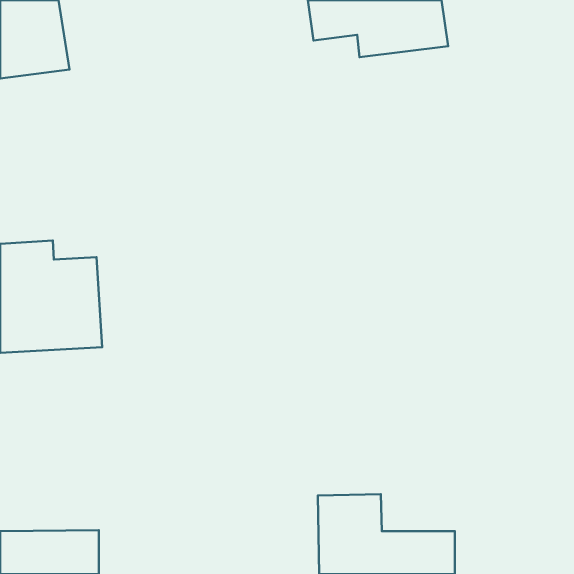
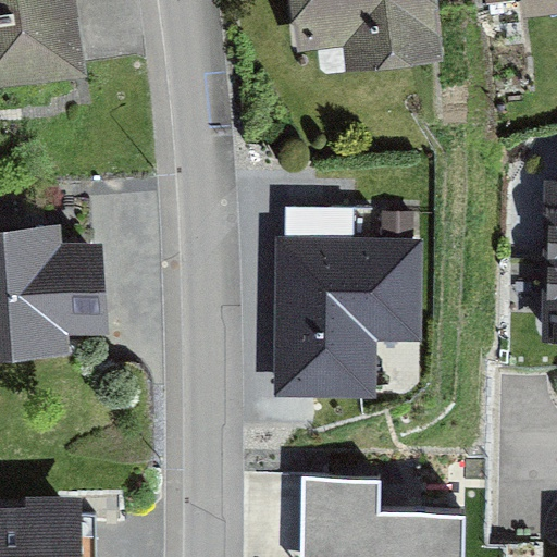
building: none -> [278,236,406,381]

